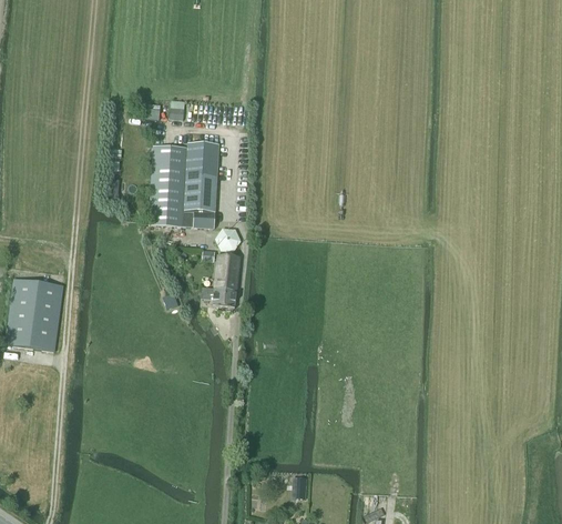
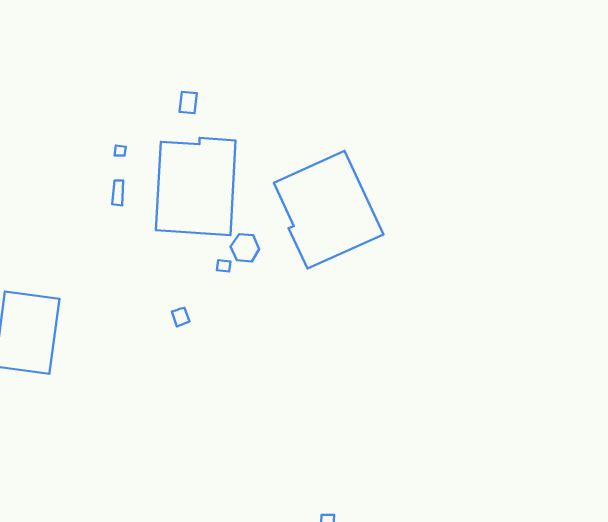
building: none -> [274,151,383,269]
building: [201,253,241,306] -> none

